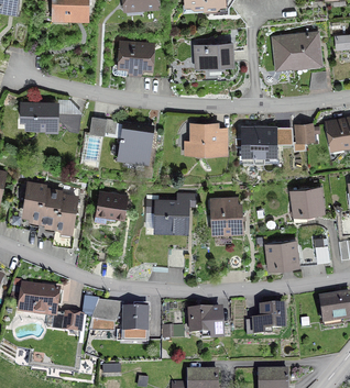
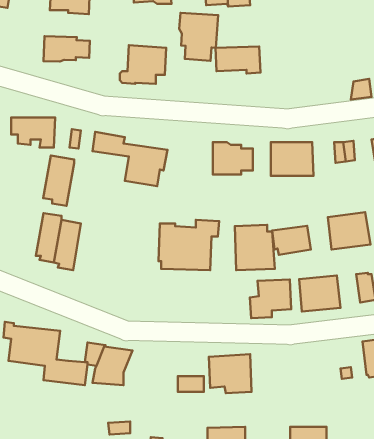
building: none -> [179,13,218,61]
building: [272,33,320,71] -> none
building: none -> [44,36,90,62]
building: [21,179,47,222] -> [43,156,74,206]
building: [95,189,129,223] -> none
building: none -> [272,226,311,255]
building: [117,302,150,342] -> none
building: [252,302,287,335] -> [250,280,291,318]

